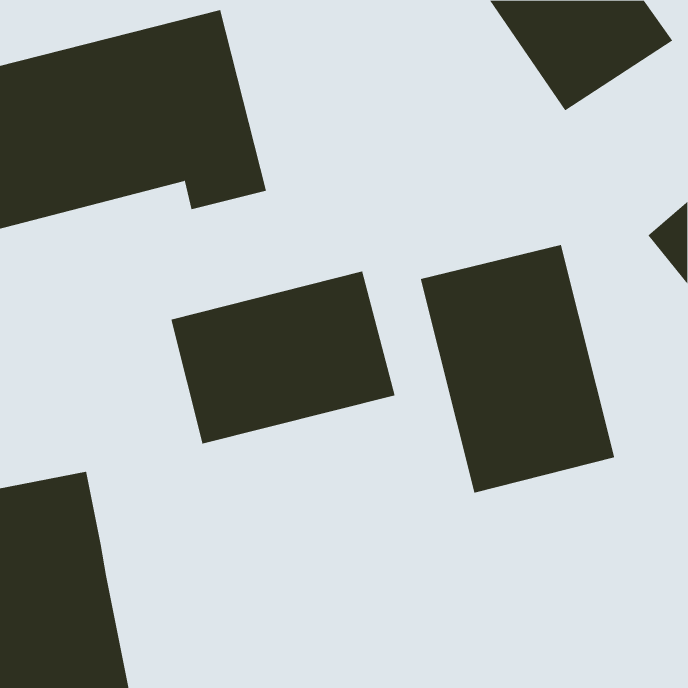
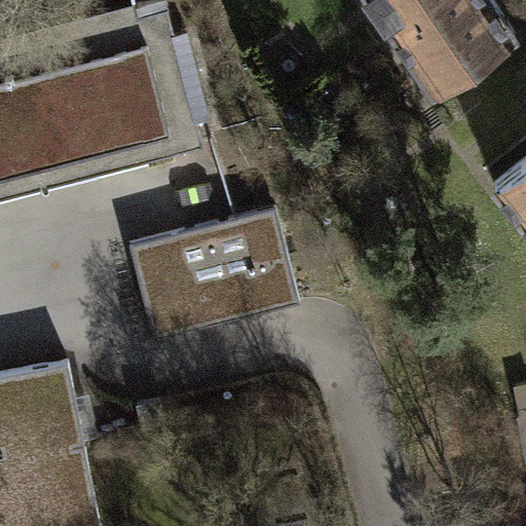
building: [420,244,615,493] -> none

